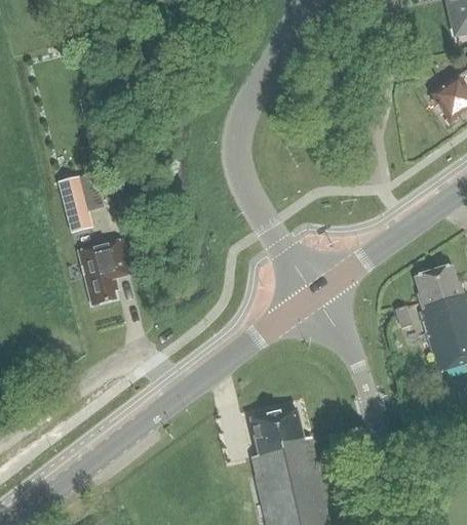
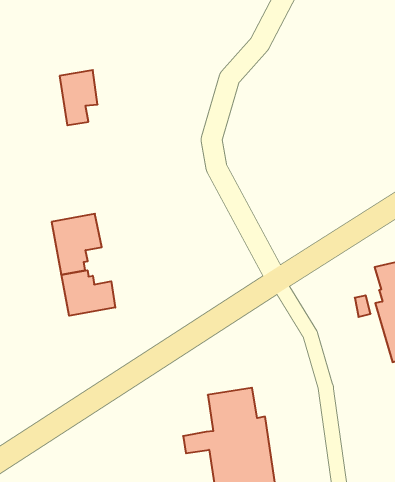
building: [60,173,101,232] -> [60,70,98,125]
building: none -> [62,270,115,316]

